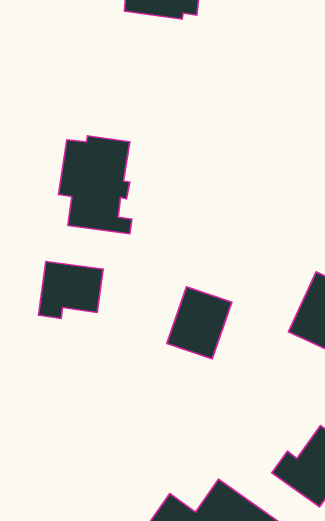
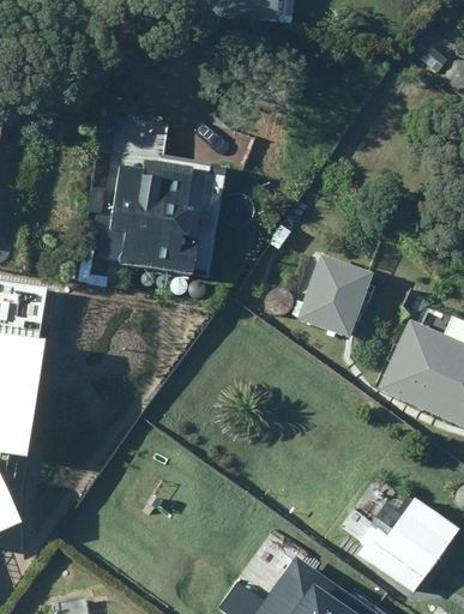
building: [38,261,103,318] -> none
building: [167,287,232,359] -> [299,253,374,337]

